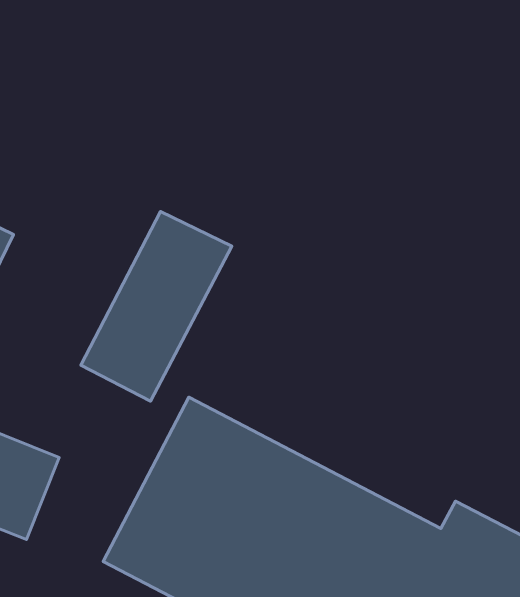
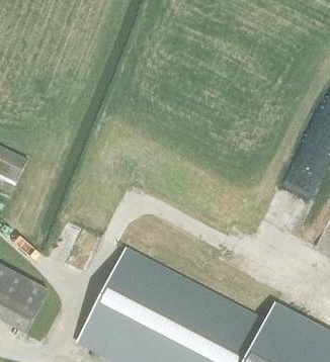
building: [81,211,232,401] -> none

